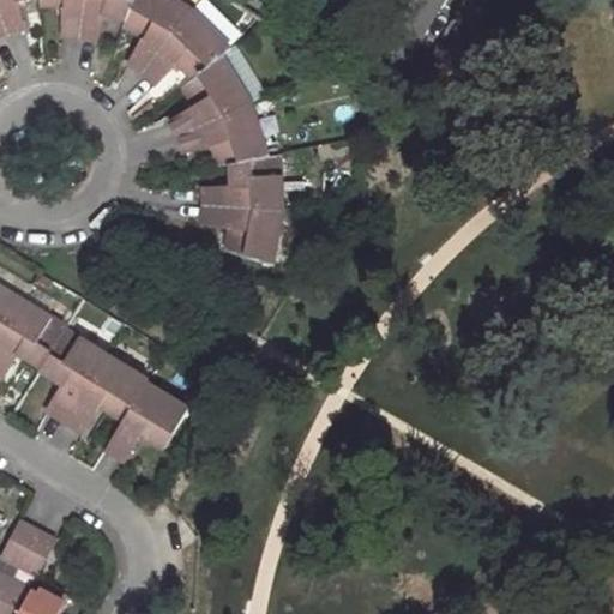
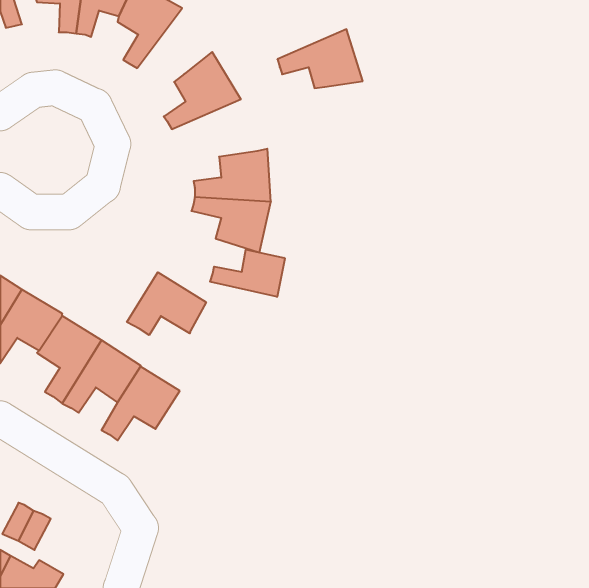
building: [143,8,230,80] -> none
building: [179,103,267,164] -> [277,29,363,88]
building: none -> [210,250,285,297]
building: none -> [127,272,206,335]

